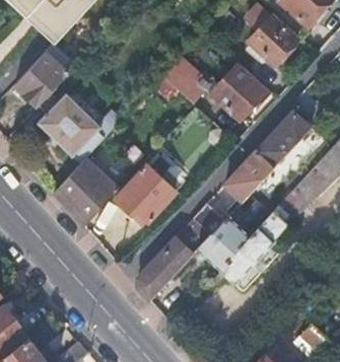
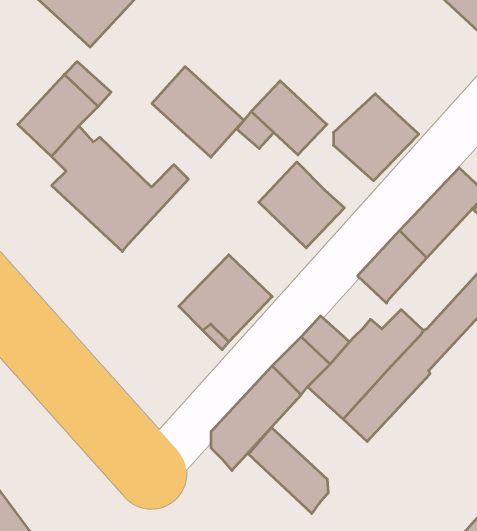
building: [250,16,297,64] -> none
building: none -> [152,67,244,157]
building: none -> [259,162,344,248]
building: [54,159,119,227] -> none
building: none -> [248,427,328,514]

